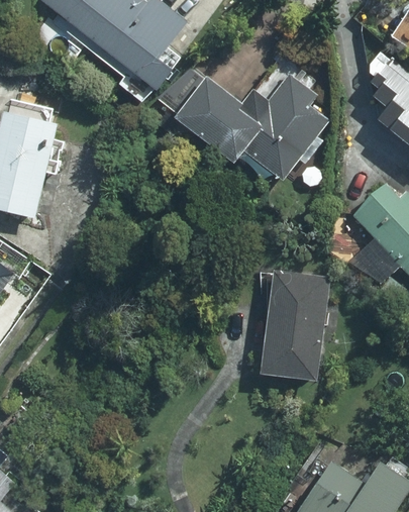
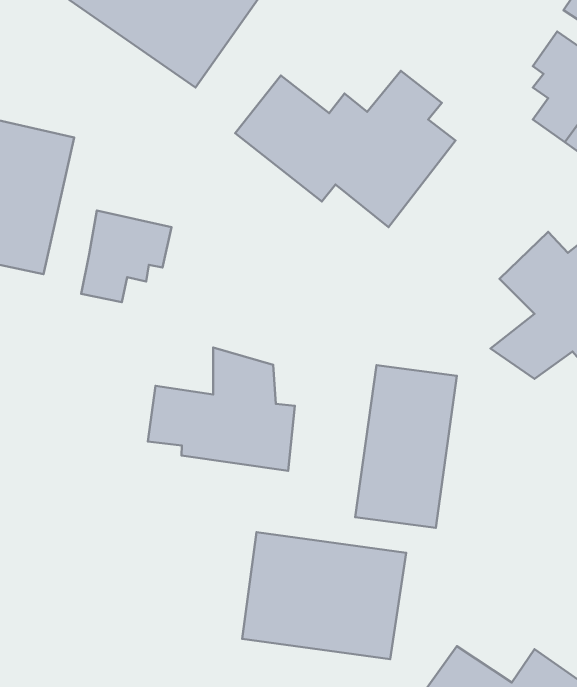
building: none -> [81,211,171,302]
building: none -> [148,347,295,471]
building: none -> [242,532,406,659]

